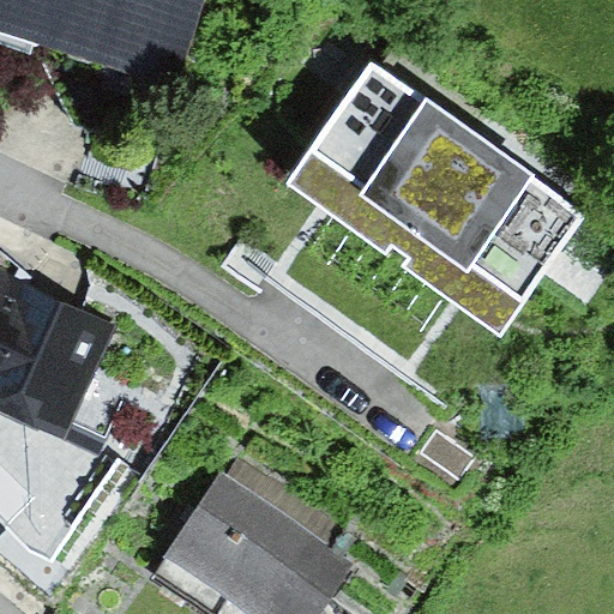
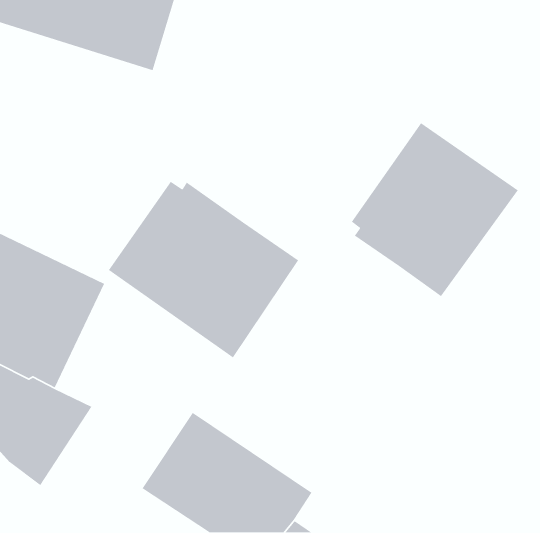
building: [282,64,475,254] -> none
building: none -> [108,181,299,358]

